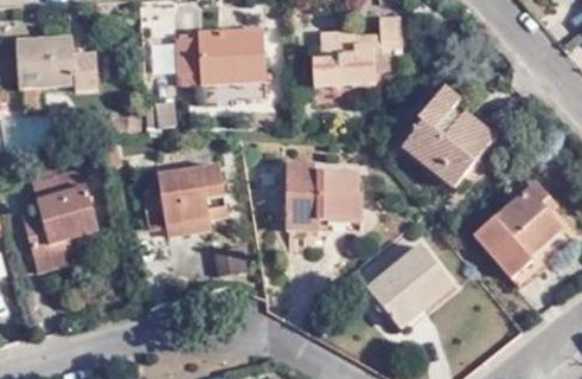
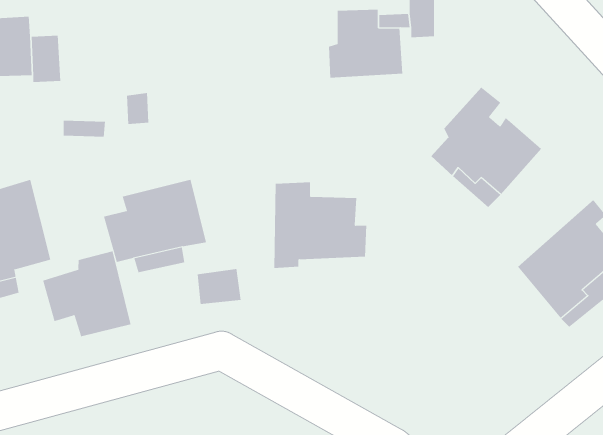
building: [174,25,264,94] -> none
building: none -> [42,251,131,337]
building: [369,244,454,326] -> none

